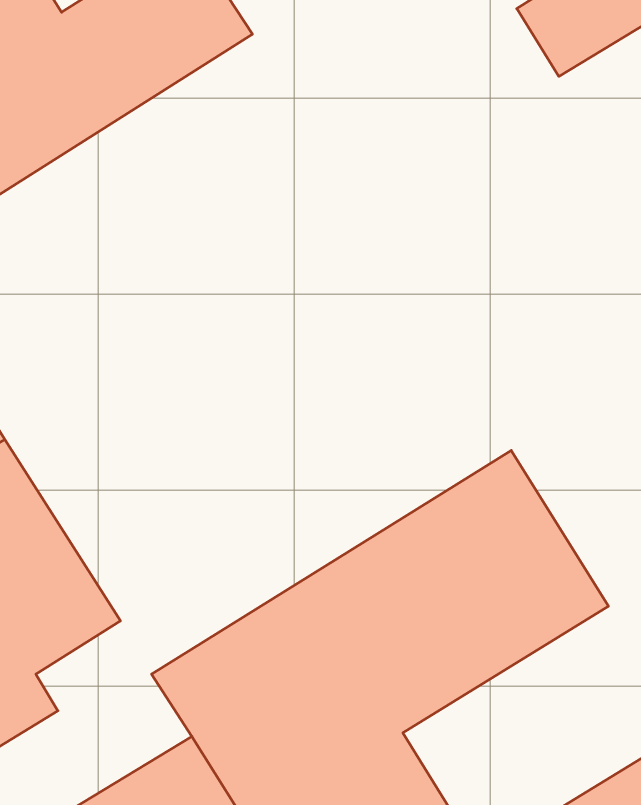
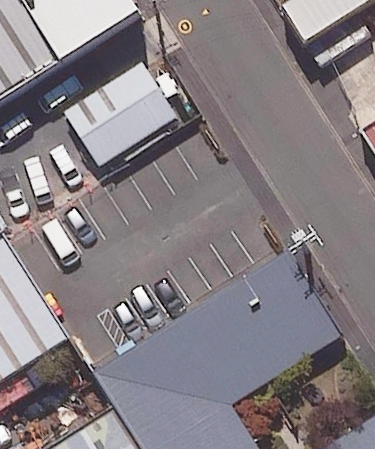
building: none -> [63,62,175,166]

